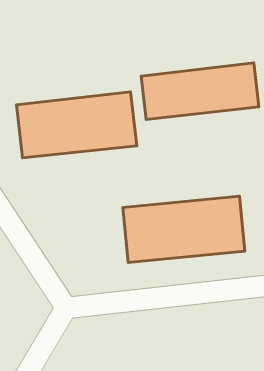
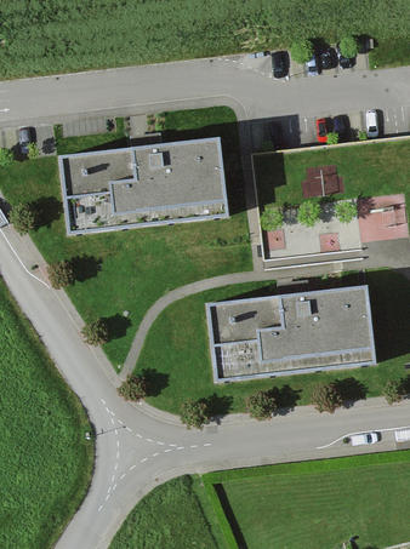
building: [141,63,259,120] -> none

